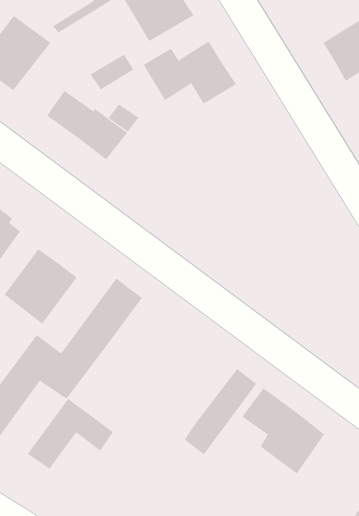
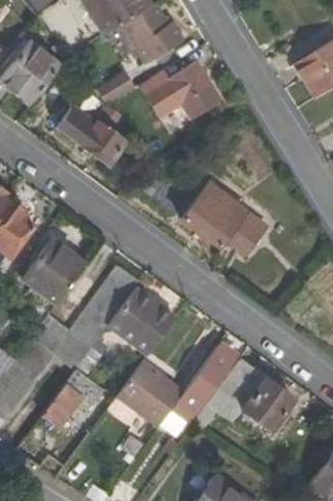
building: none -> [182,181,269,255]
building: none -> [109,287,177,354]
building: none -> [116,360,185,428]

